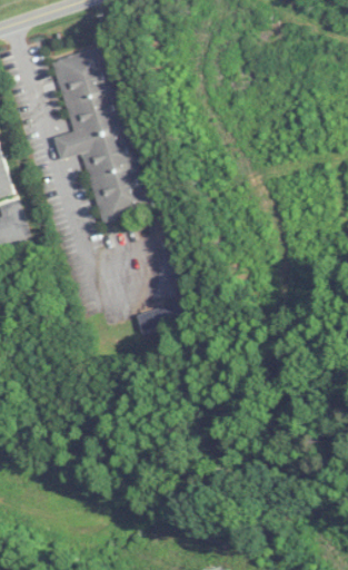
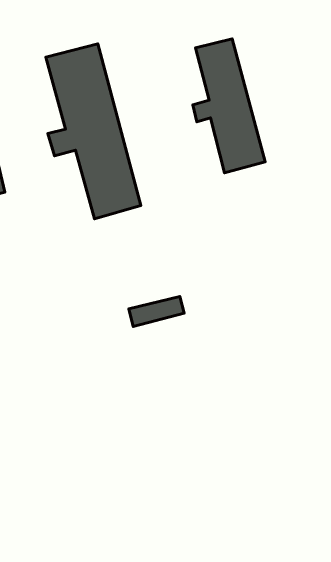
building: none -> [193,39,265,173]

